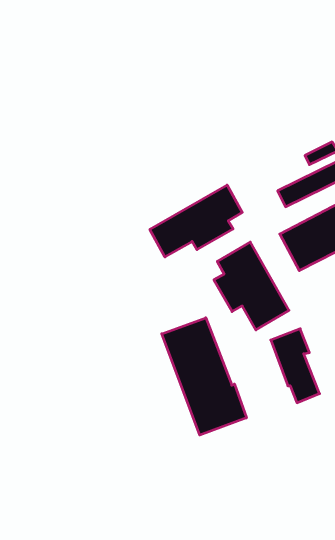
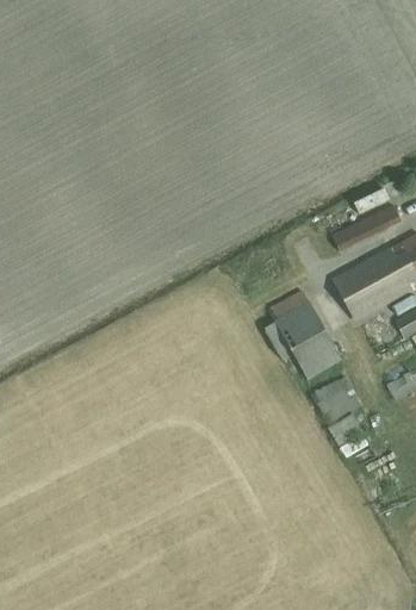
building: [150,185,242,257] -> none
building: [162,318,246,435] -> none

